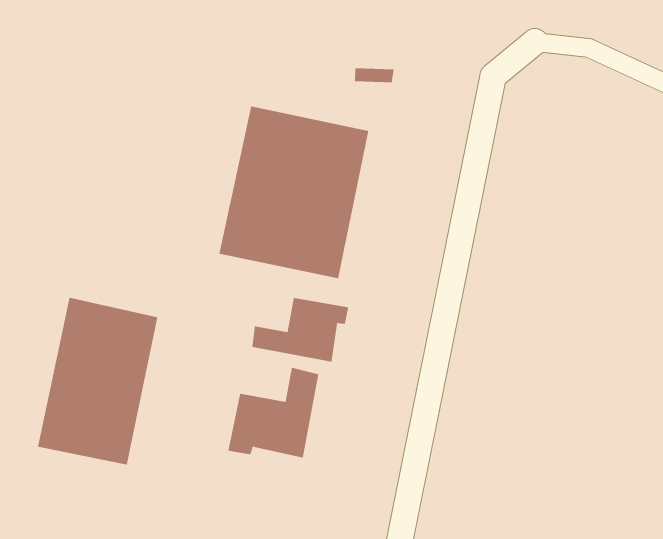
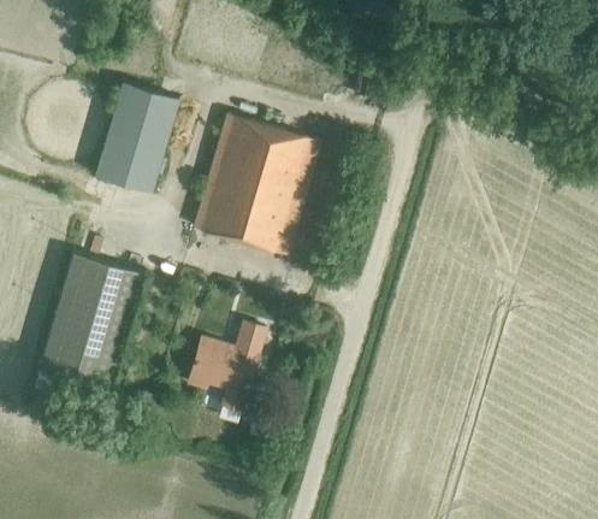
building: none -> [95,83,180,191]
building: [252,297,349,362] -> none

